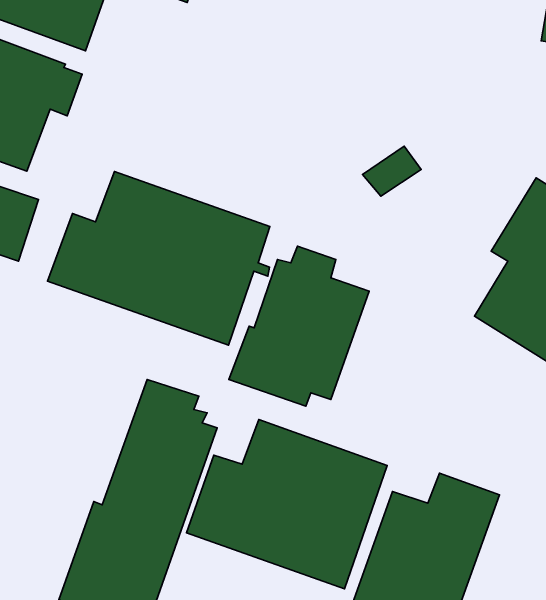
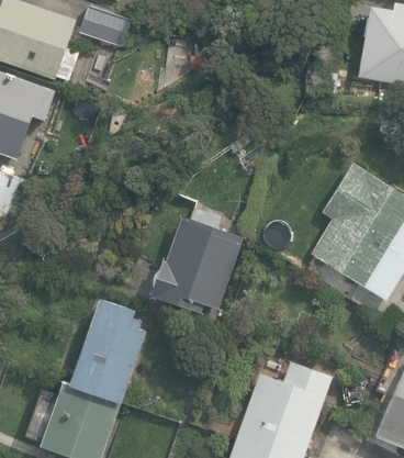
building: [47,171,270,345] -> none
building: [186,419,387,589] -> none

